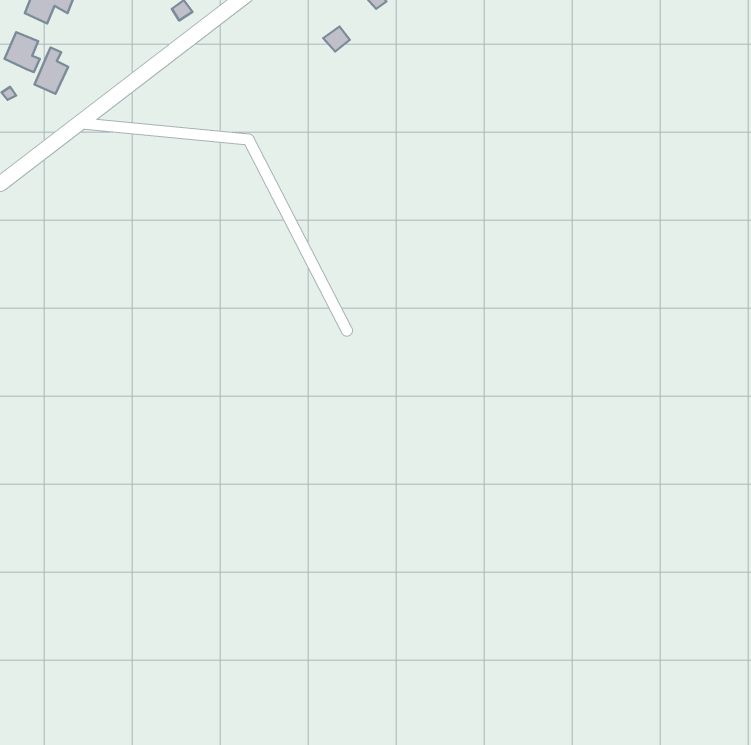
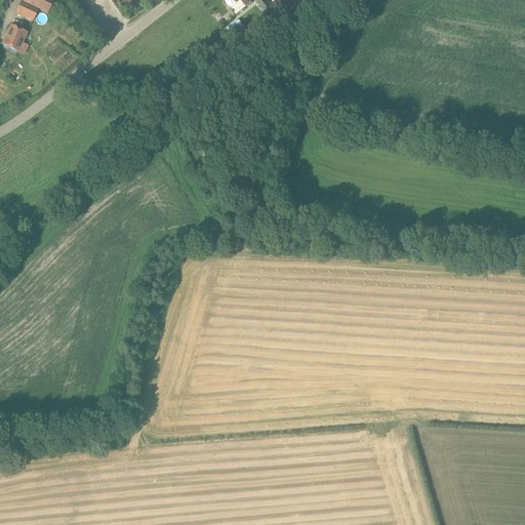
building: [34,48,68,94] -> none

